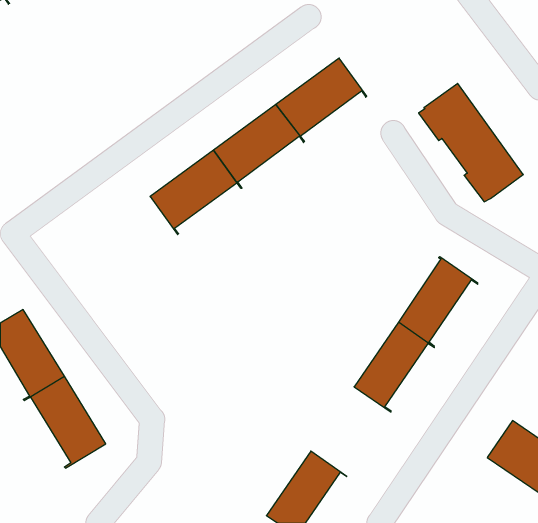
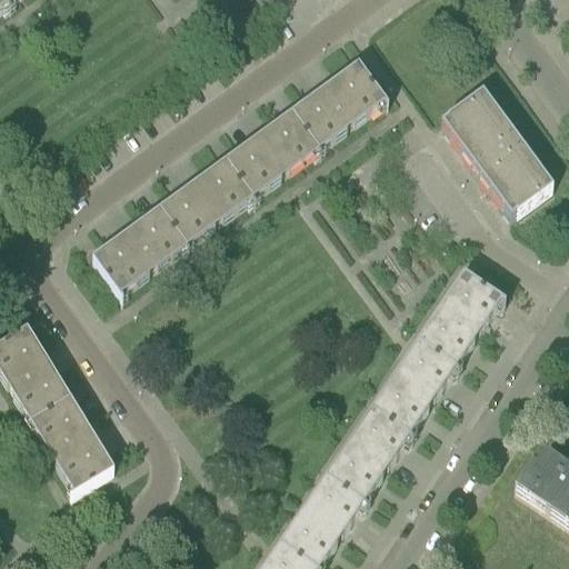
building: none -> [93,207,189,296]
building: none -> [329,407,413,501]

